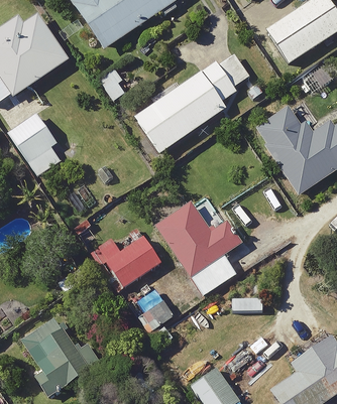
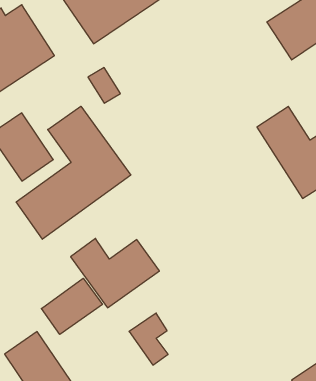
building: [133,53,250,152] -> none
building: none -> [16,106,131,239]
building: [156,203,240,295] -> none
building: none -> [41,278,102,334]

